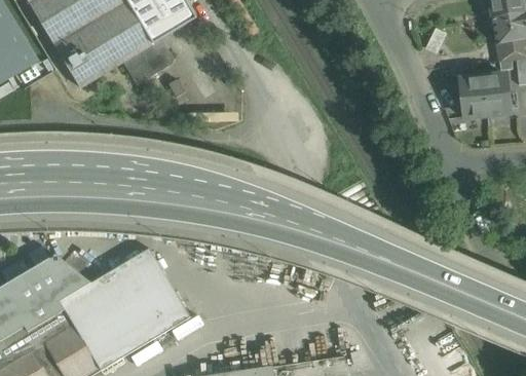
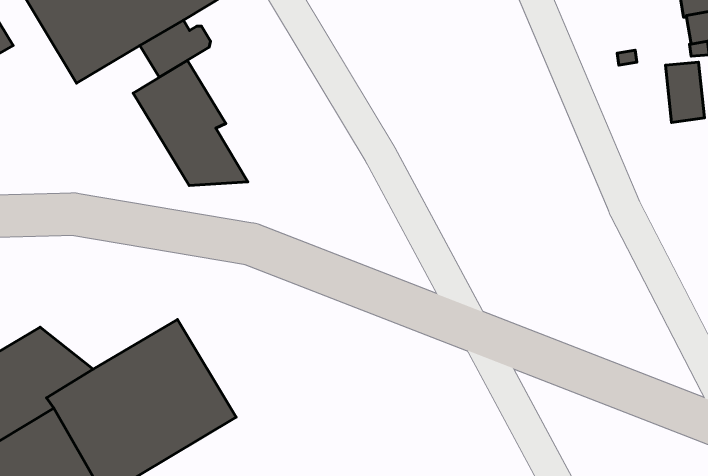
building: none -> [133,60,248,185]
building: [460,76,487,117] -> none

